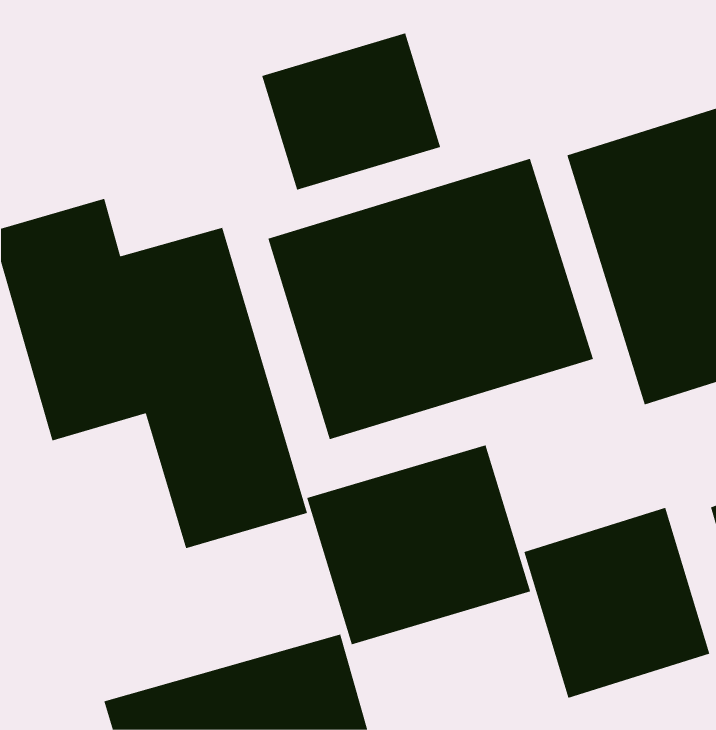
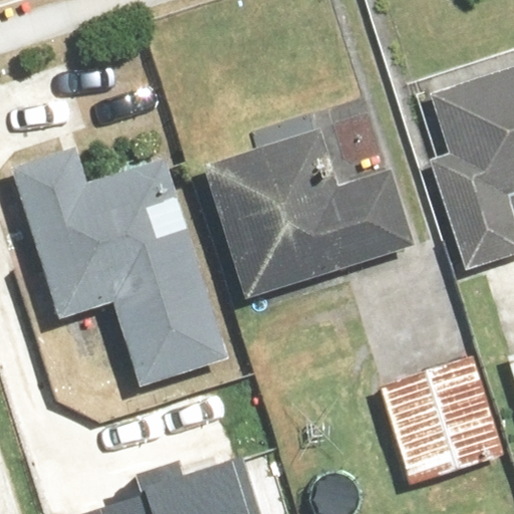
building: [262,33,441,191] -> none
building: [307,444,531,645] -> none

